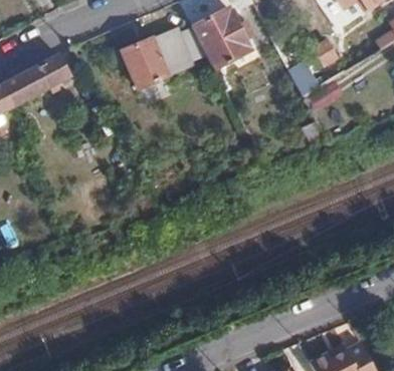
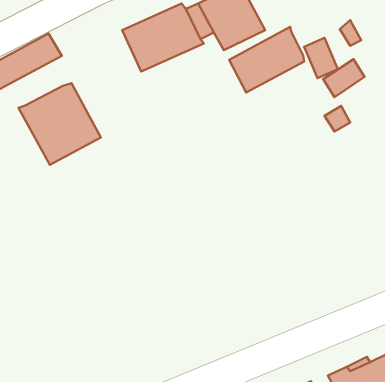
building: none -> [229,27,304,92]
building: none -> [19,83,101,165]

